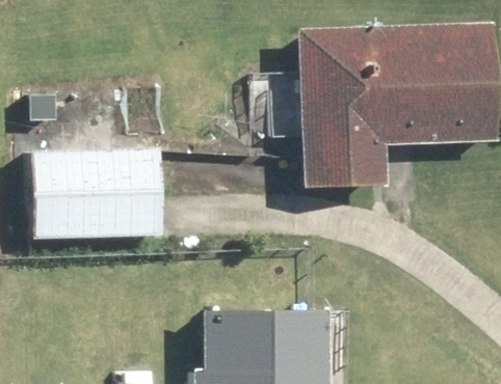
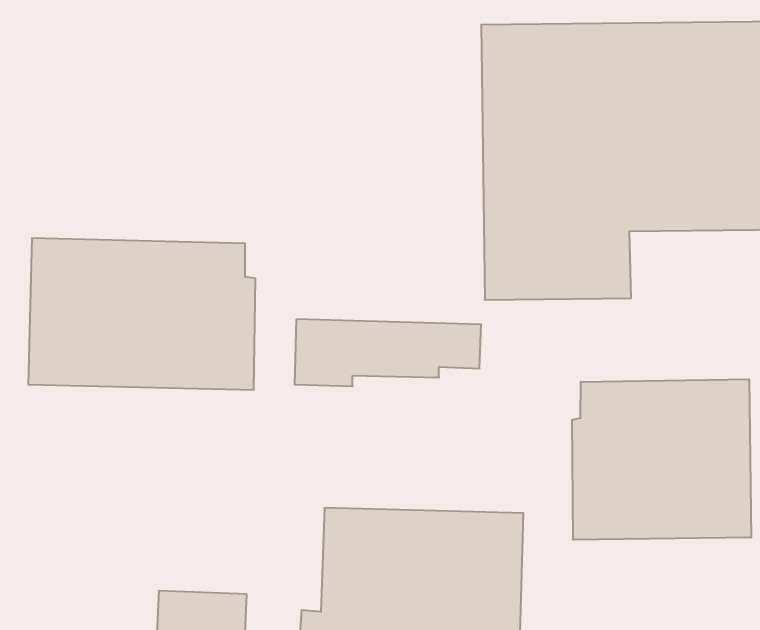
building: none -> [572,379,751,540]

